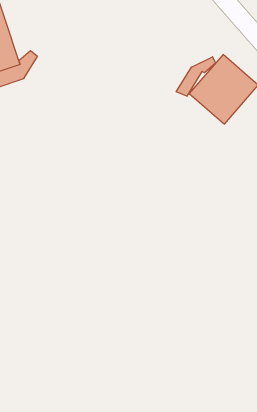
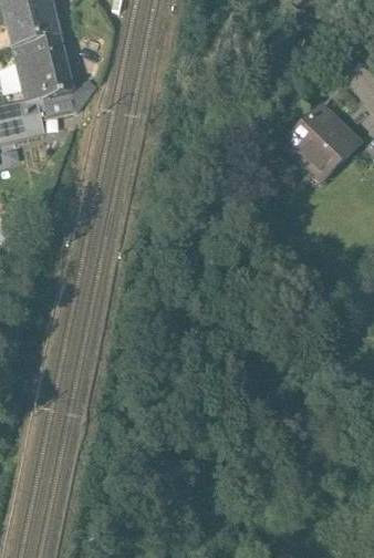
building: [176,57,216,96] -> none

